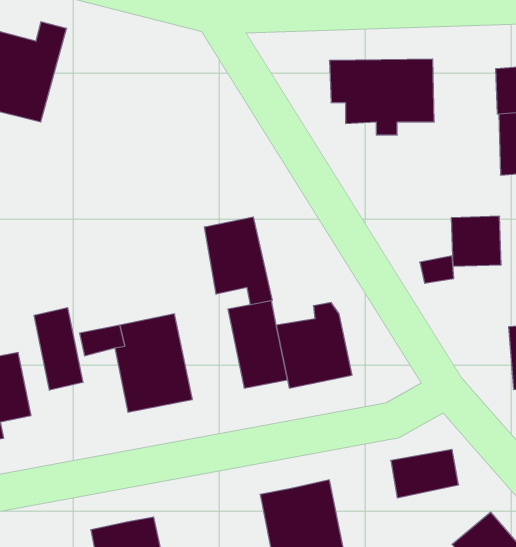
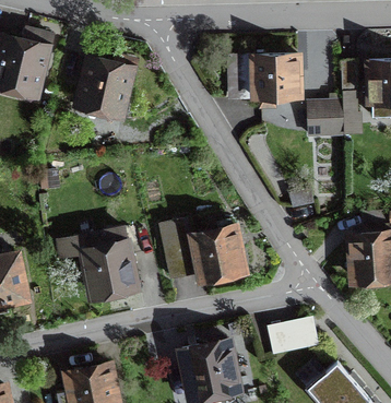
building: none -> [78,57,133,118]
building: [451,216,501,266] -> [308,100,342,134]
building: [205,217,272,305] -> none
building: [34,308,83,390] -> none

